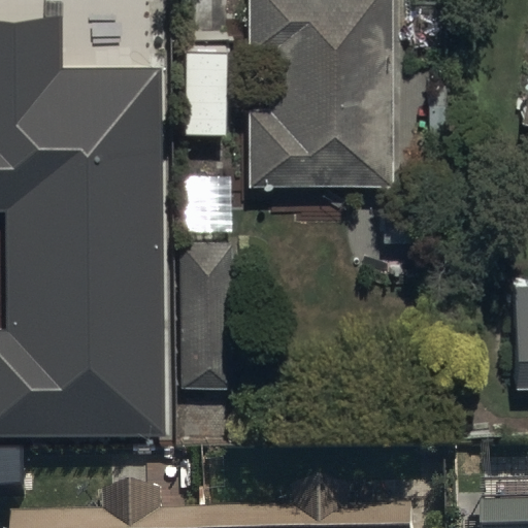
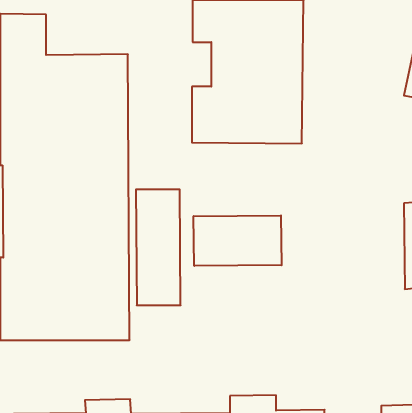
building: none -> [194,215,282,266]

